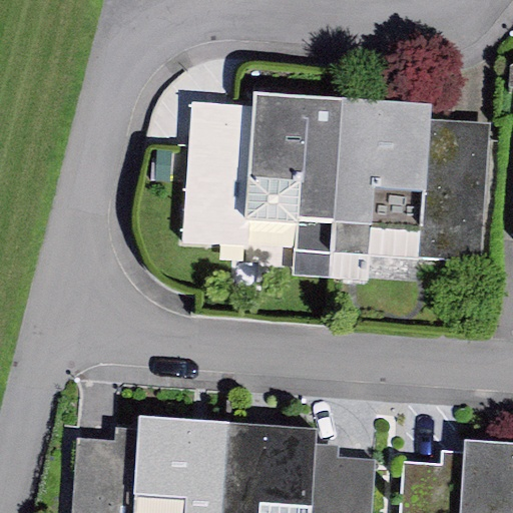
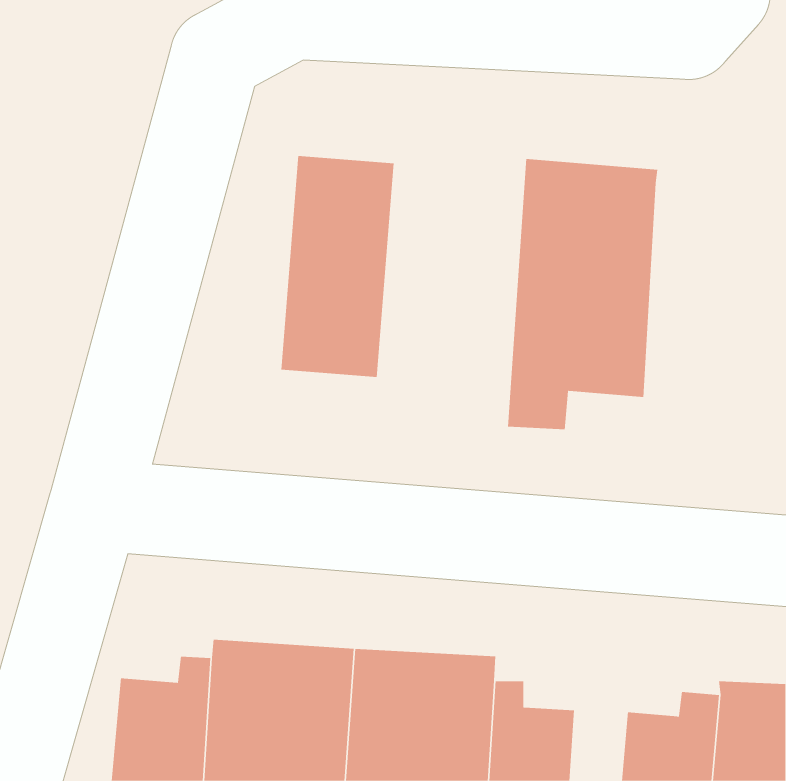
building: [245,97,342,278] -> none
building: [419,119,490,262] -> none

